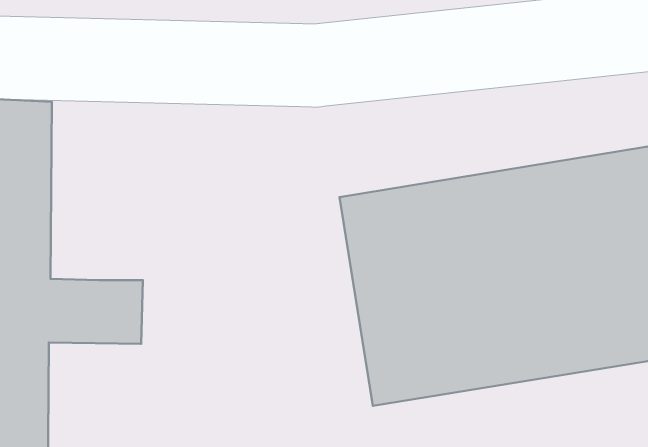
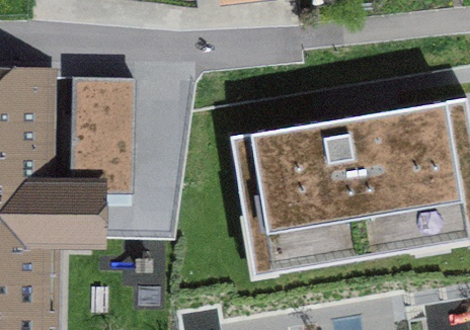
building: none -> [70,80,134,192]

